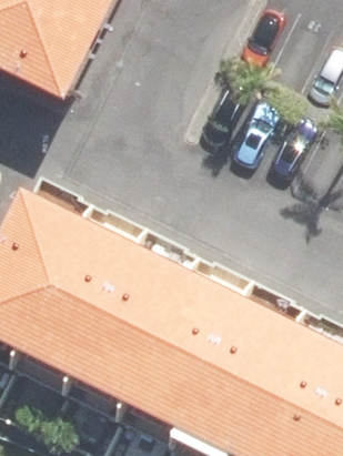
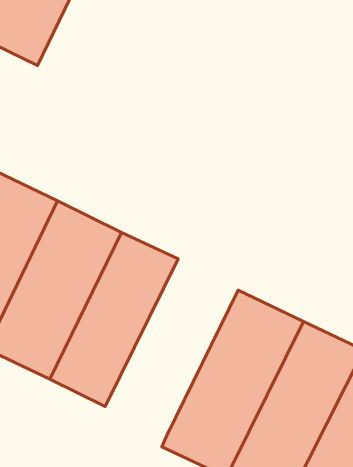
building: [114,257,232,414] -> none

